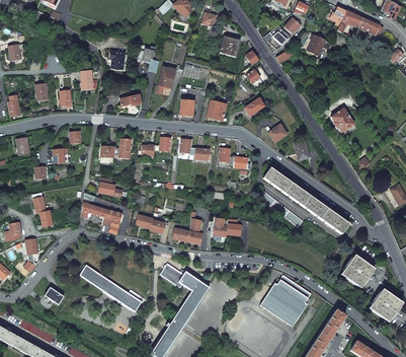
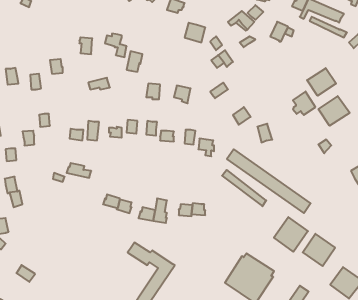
building: none -> [307,68,336,96]
building: none -> [319,96,350,126]
building: [82,202,123,233] -> none
building: none -> [274,217,308,252]
building: [81,265,142,310] -> none

